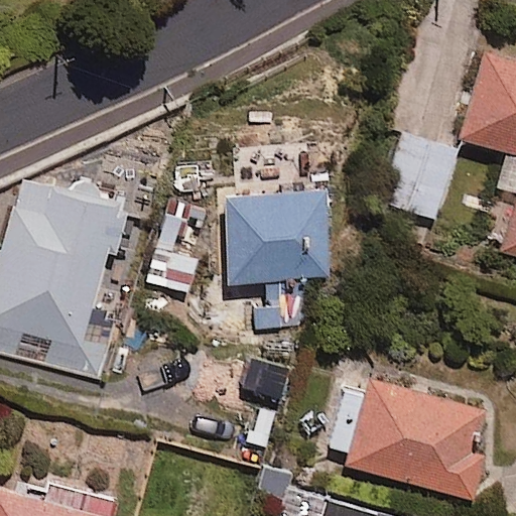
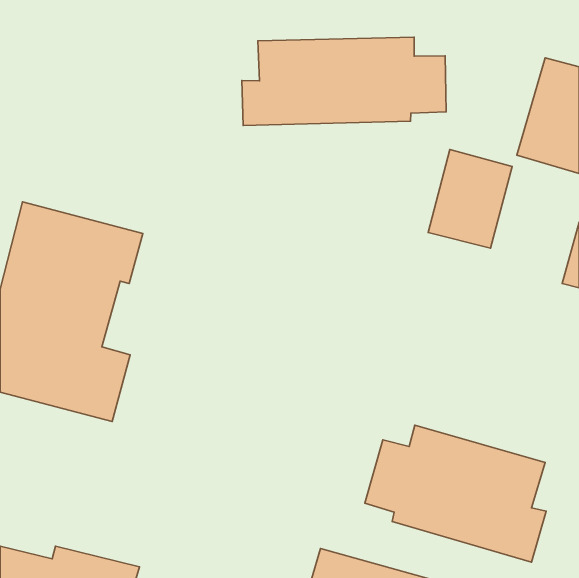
building: none -> [242,37,446,125]
building: [226,196,328,328] -> none

